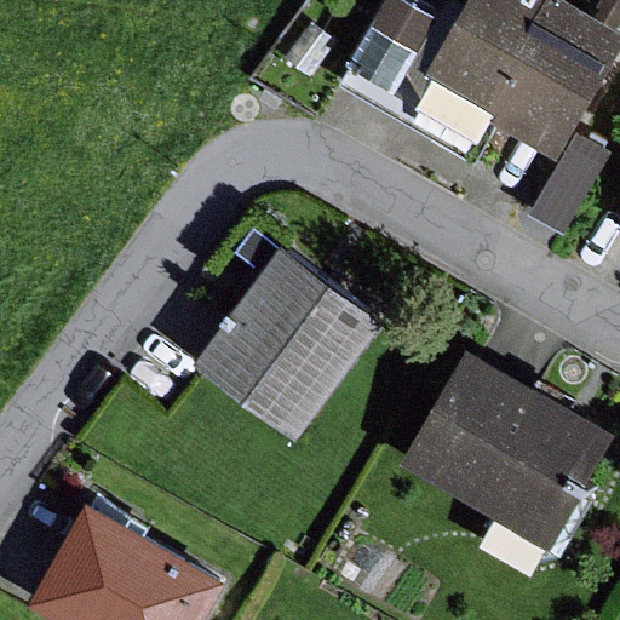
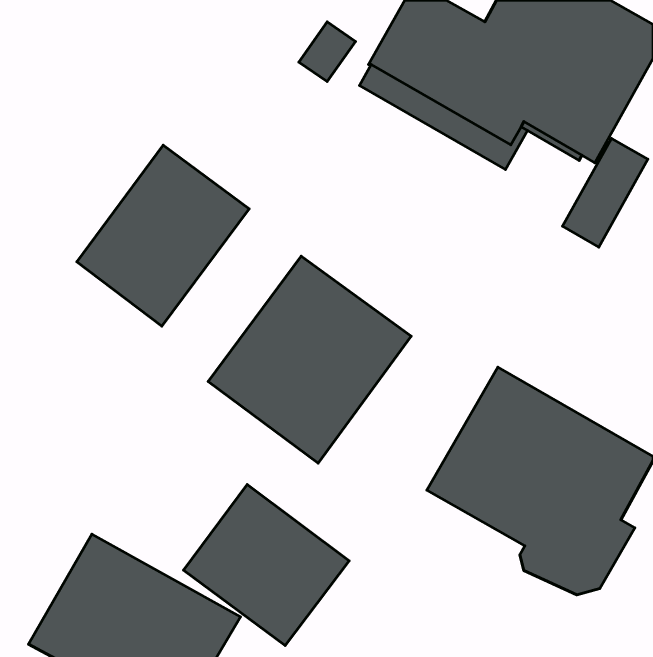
building: none -> [77,145,249,326]
building: none -> [184,485,349,645]

